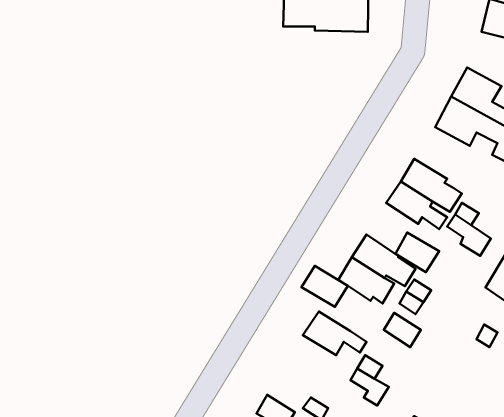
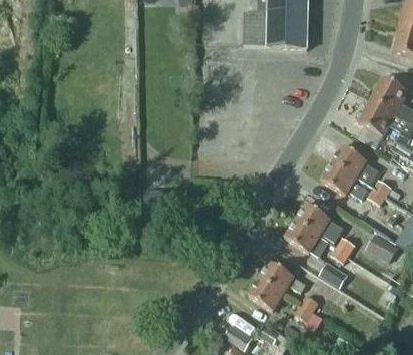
building: [395,233,439,272] -> [364,233,397,263]
building: [302,266,348,307] -> [248,279,283,310]

